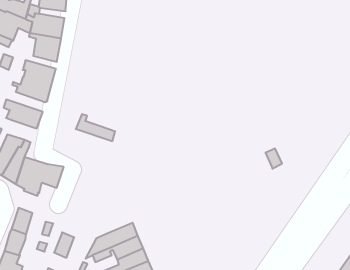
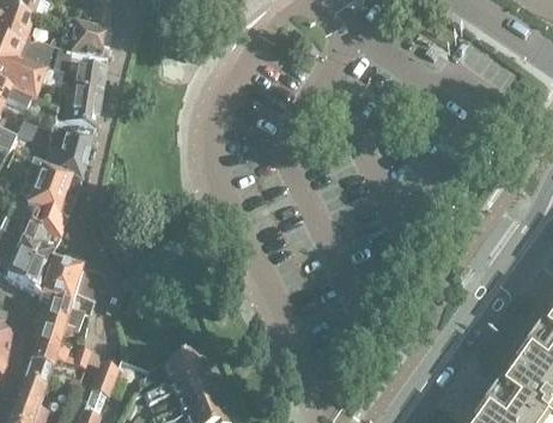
building: [76,114,115,141] -> [25,157,79,194]
building: none -> [26,206,67,236]
building: none -> [42,302,84,333]

